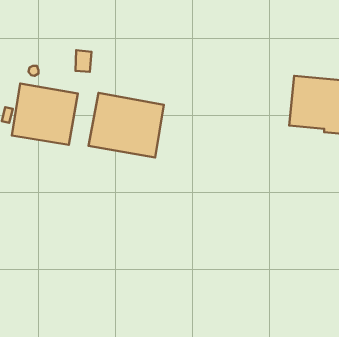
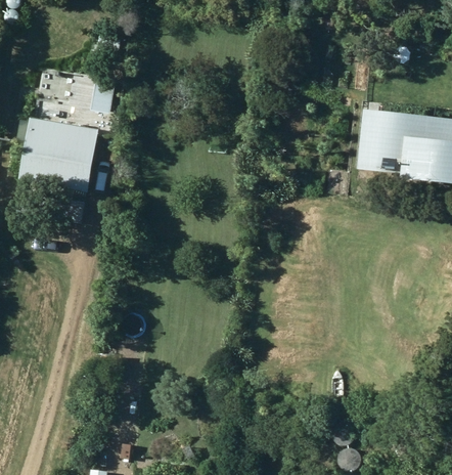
building: [88,93,164,157] -> none

